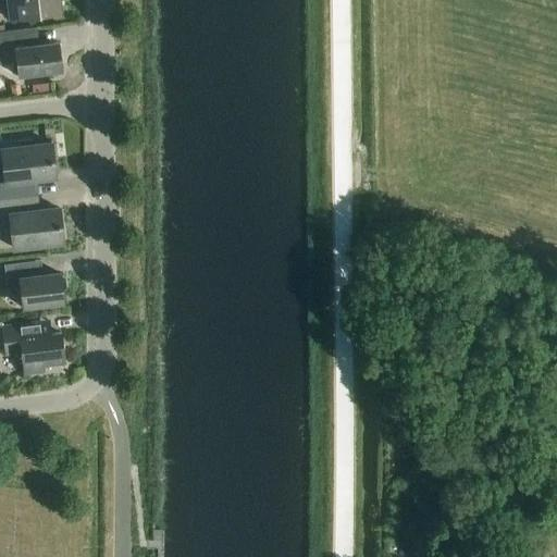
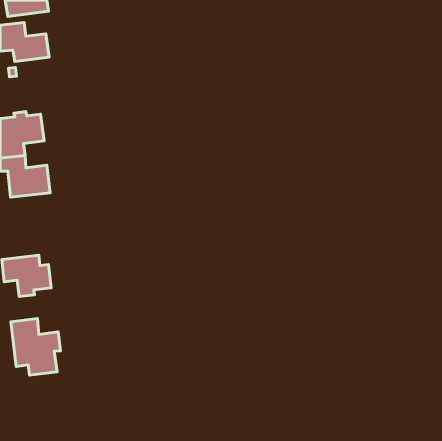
building: [4,262,66,308] -> none
building: none -> [11,319,60,375]

